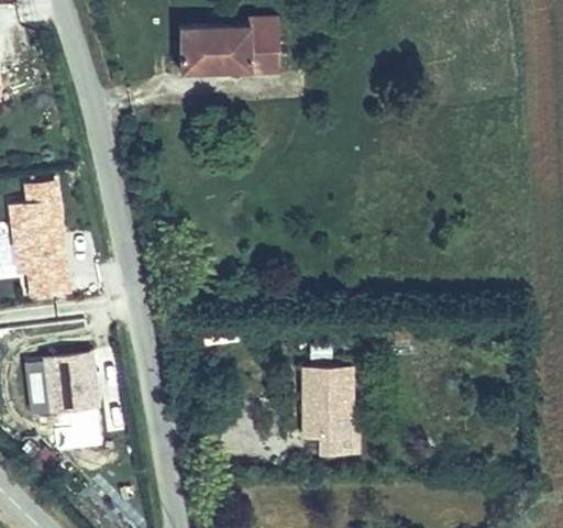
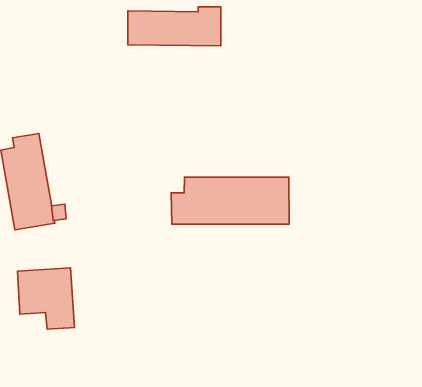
building: none -> [171,177,289,224]
building: [307,369,361,453] -> none

